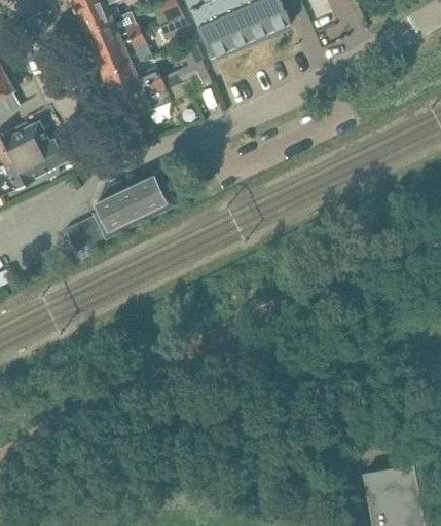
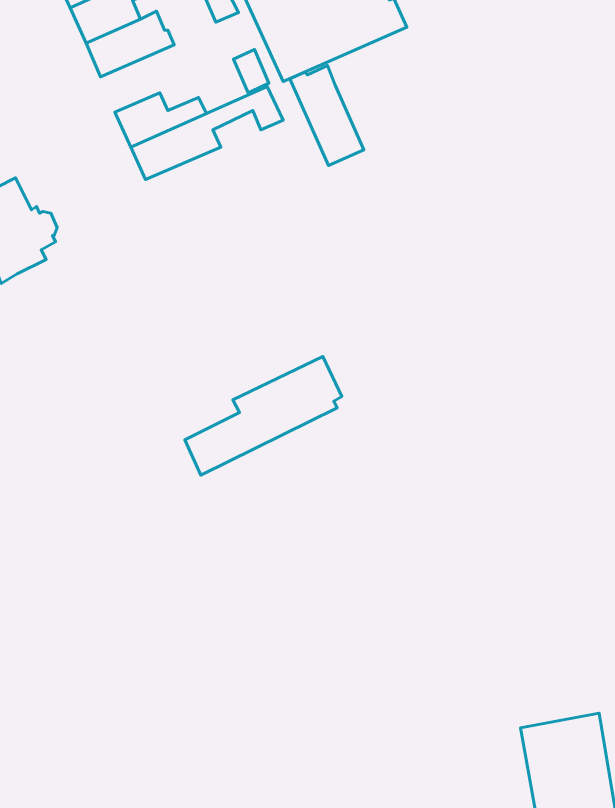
building: [95,34,152,77] -> none
building: none -> [290,65,364,166]
building: [66,175,167,251] -> [185,356,342,475]

